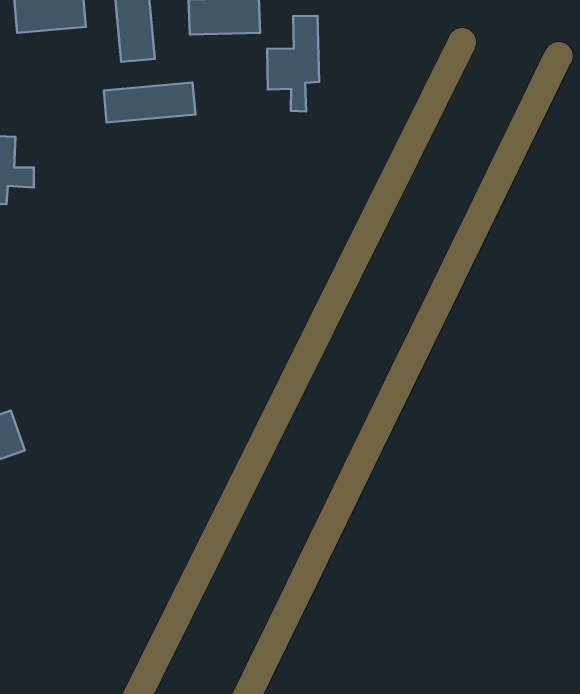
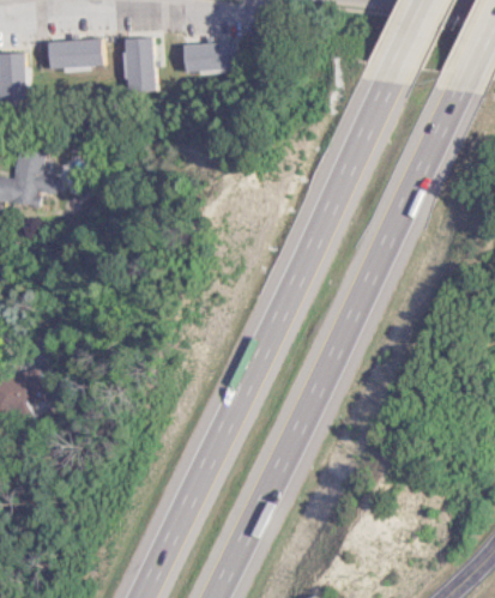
building: [267,16,319,112] -> none
building: [104,83,195,122] -> none

